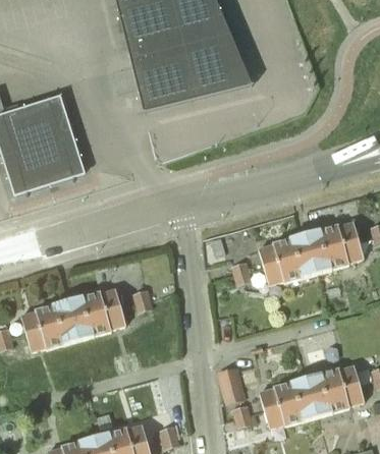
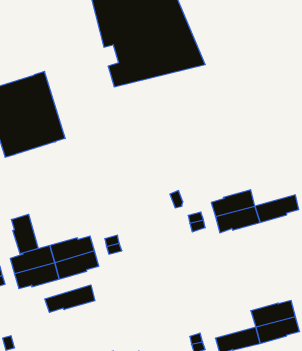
building: [306,222,359,253] -> none
building: none -> [11,214,38,254]
building: none -> [45,285,95,312]
building: [217,366,245,401] -> none
building: [259,378,312,410] -> none

